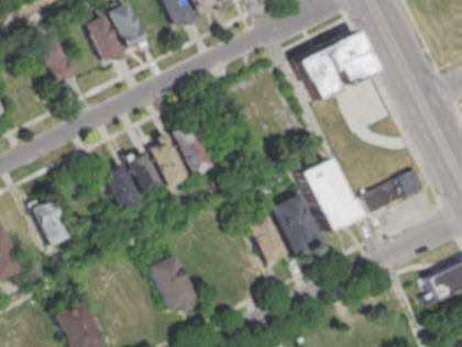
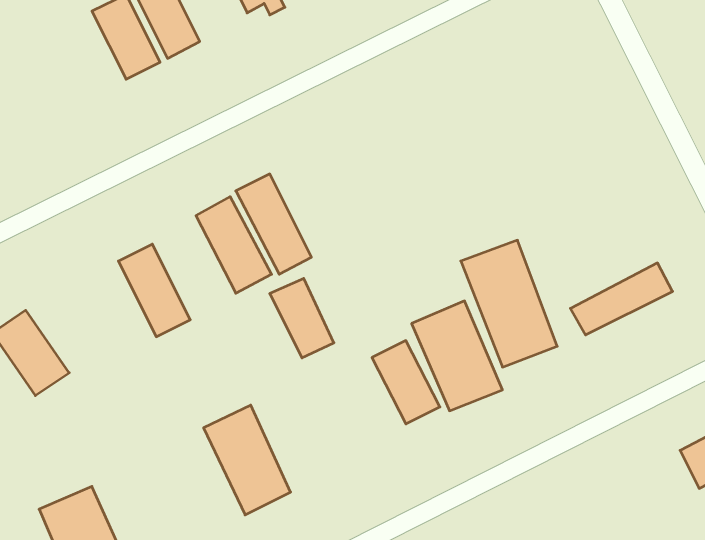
building: [295,31,375,101] -> none
building: [36,37,76,87] -> none
building: [123,148,161,194] -> [270,278,334,358]

